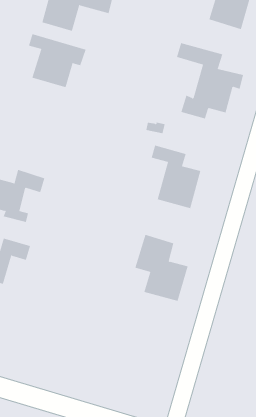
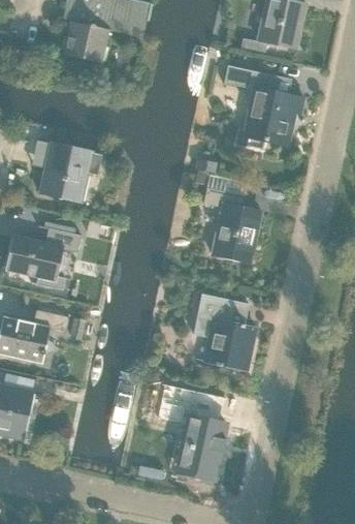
building: [28,34,86,88] -> [33,141,101,202]
building: none -> [172,398,225,474]

